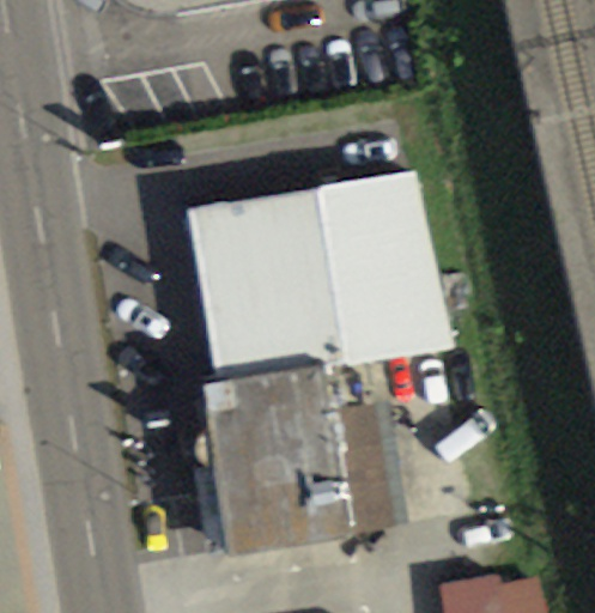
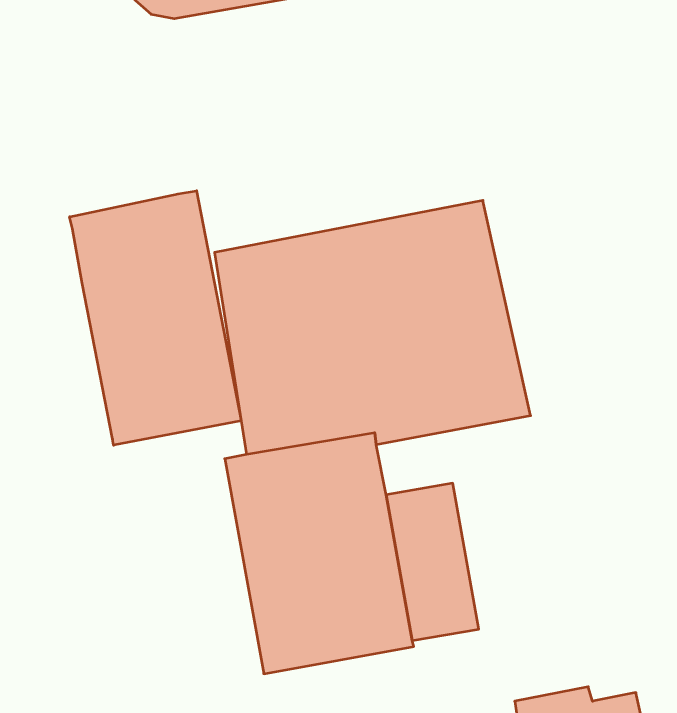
building: none -> [70,191,241,445]

